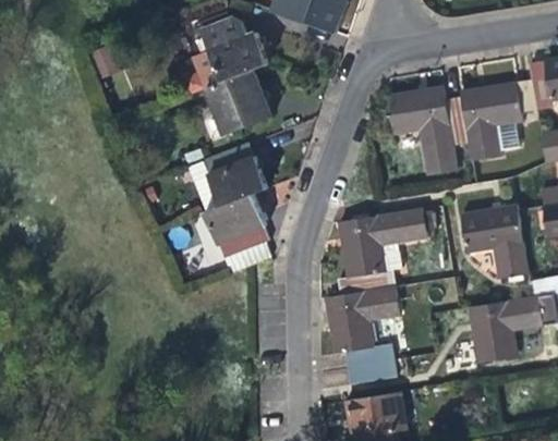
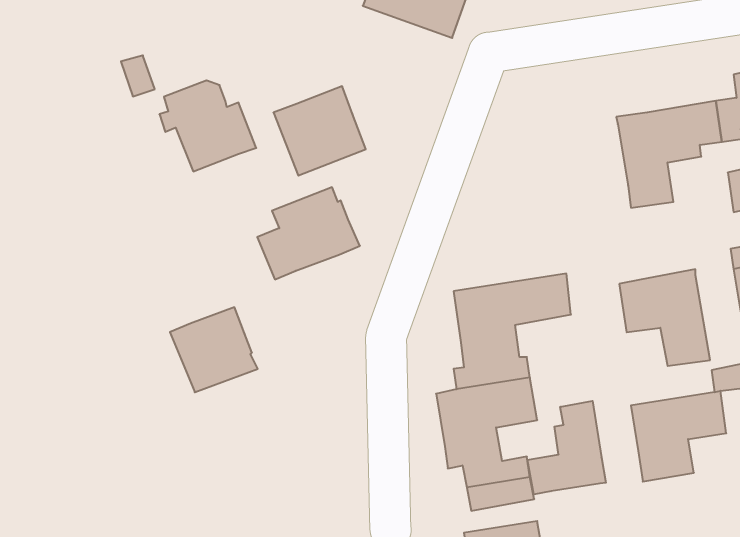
building: [196,14,268,82] -> [159,81,256,171]
building: [388,87,468,174] -> none
building: [205,194,270,257] -> [170,307,258,392]
building: none -> [527,401,606,495]

